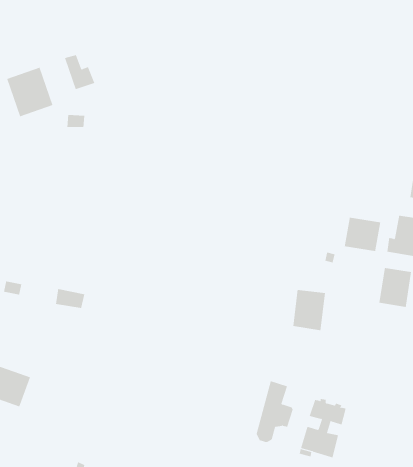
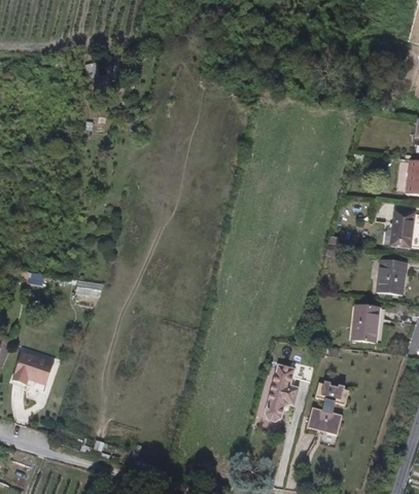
building: [6,67,53,117] -> none
building: [344,217,381,252] -> none
building: [292,290,326,331] -> [352,305,383,343]

